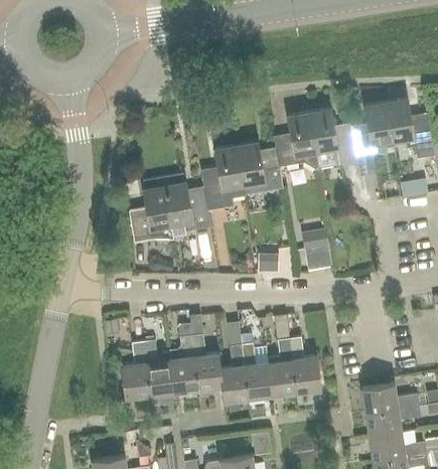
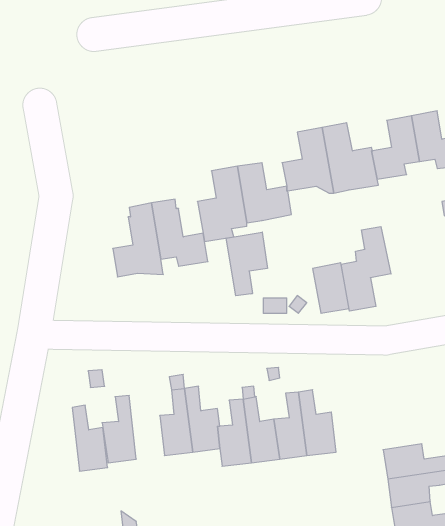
building: none -> [341,227,391,311]
building: none -> [226,232,267,296]
building: [144,339,174,396] -> [72,405,108,471]

